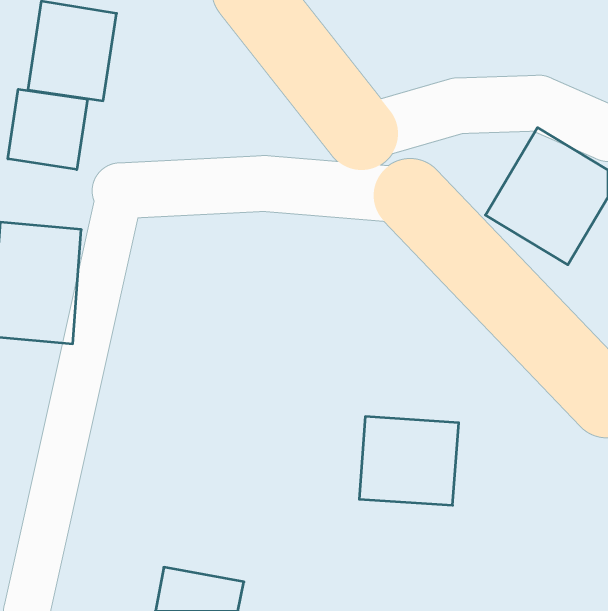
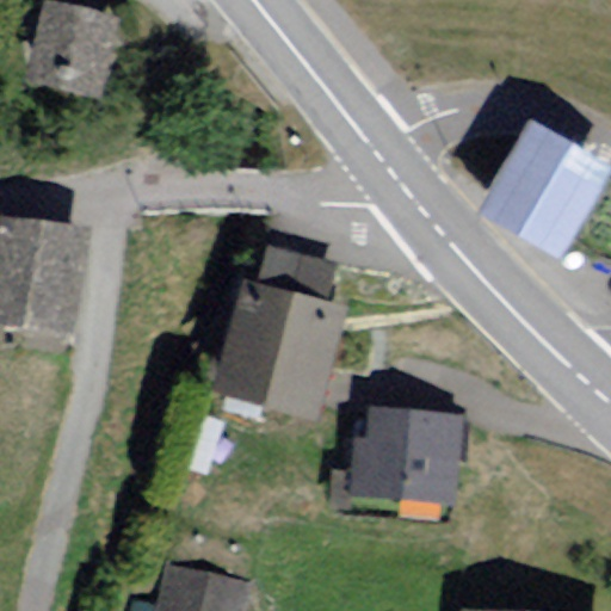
building: [8,89,87,170] -> none
building: none -> [215,246,346,419]

